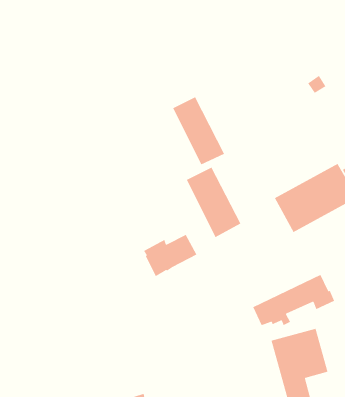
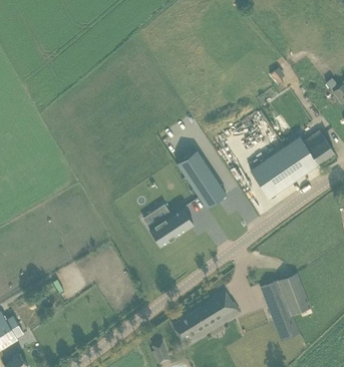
building: [172,96,225,165] -> none
building: [252,274,335,326] -> [170,289,238,337]

